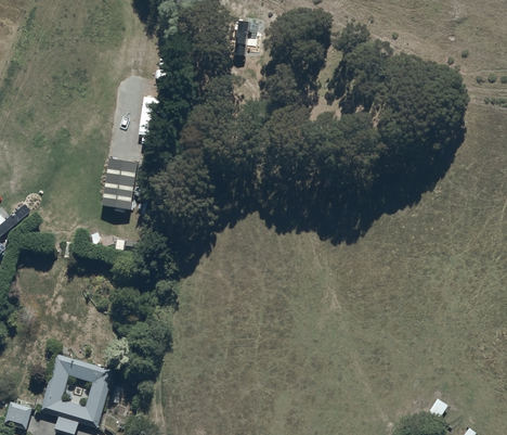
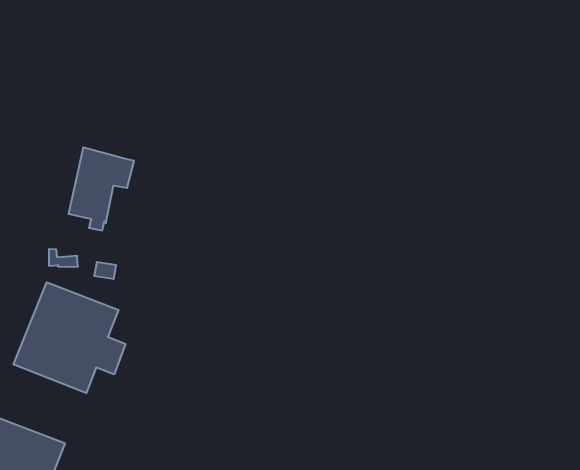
building: none -> [14,282,126,393]

